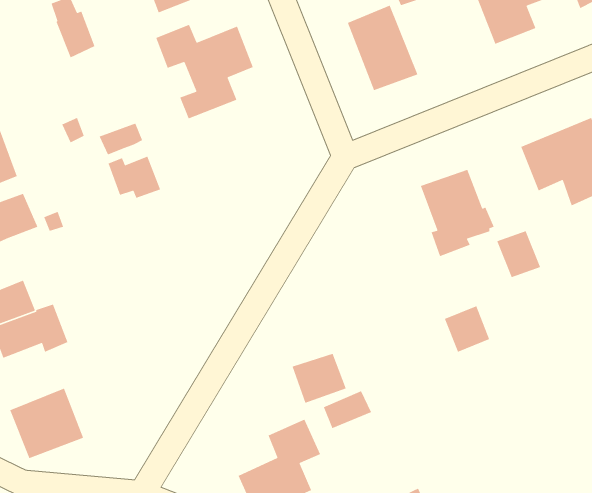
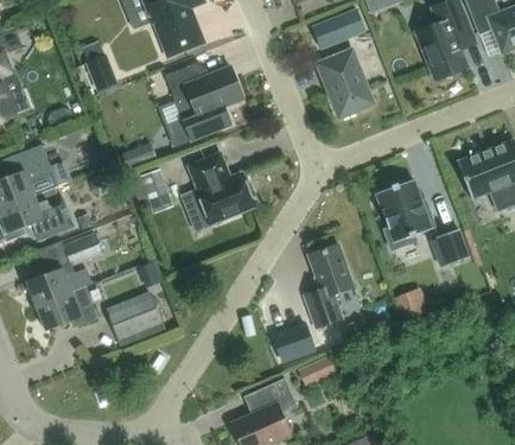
building: none -> [189,153,254,224]
building: none -> [63,231,103,266]
building: none -> [304,243,354,328]
building: [9,387,84,459] -> [107,291,166,348]

